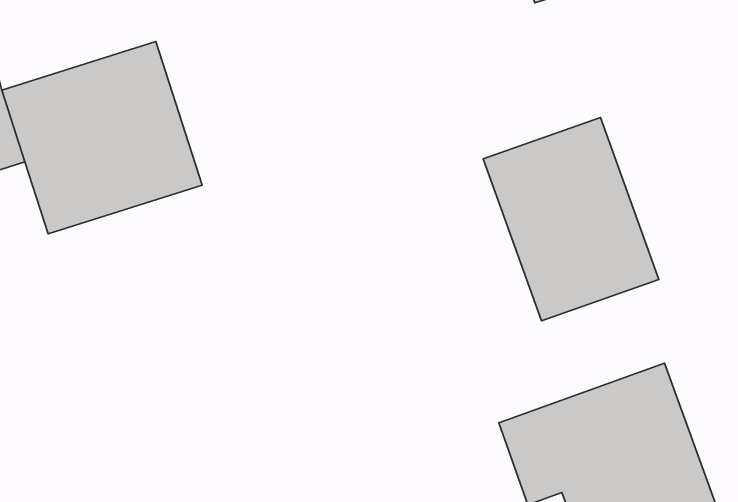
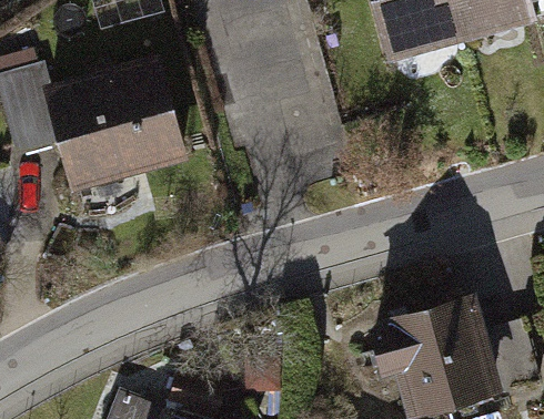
building: [483,118,659,321] -> none

